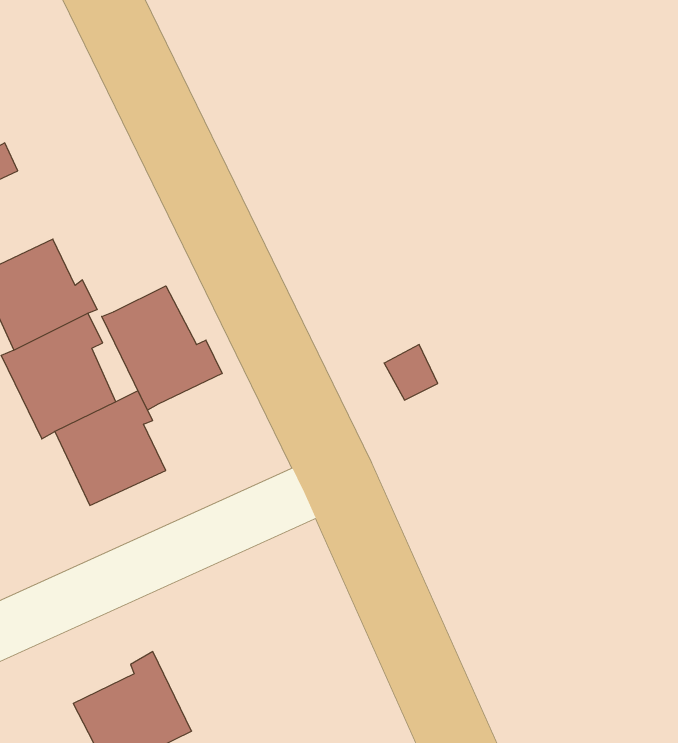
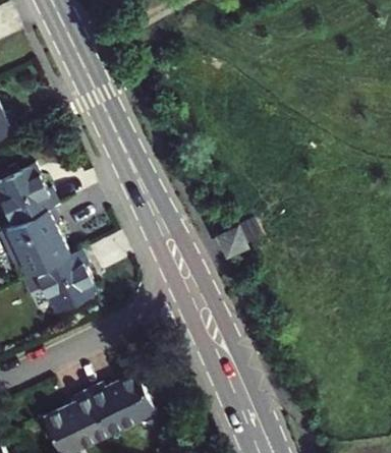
building: [102,286,222,410] -> none
building: none -> [88,376,157,438]

